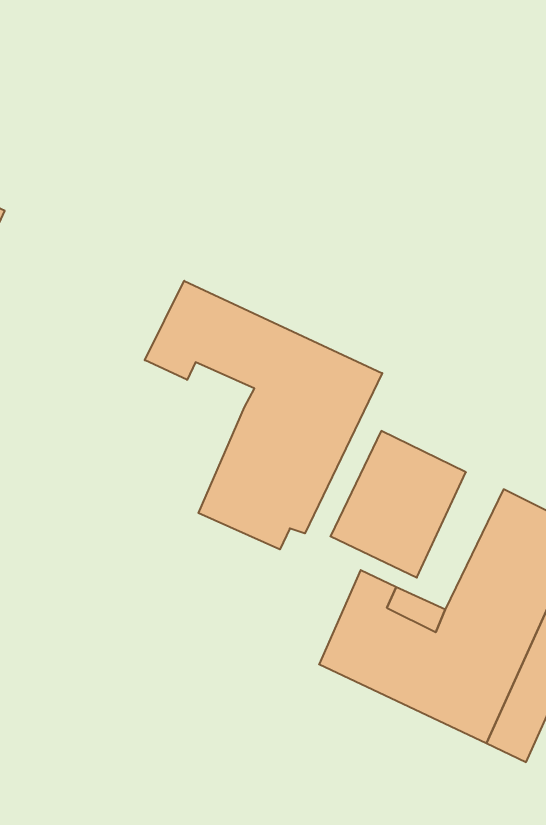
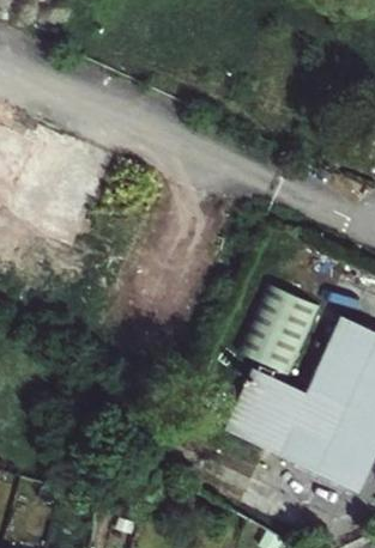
building: [145,281,382,549] -> none

